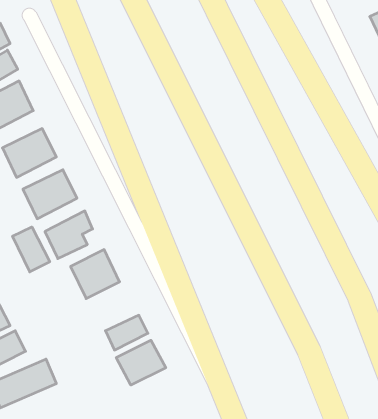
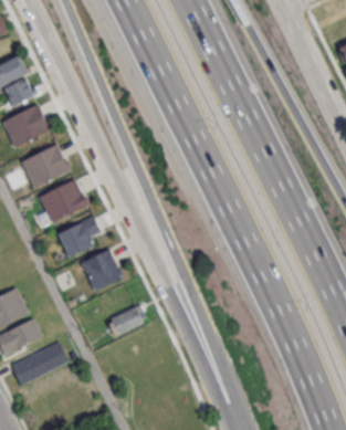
building: [13,227,50,272] -> none
building: [116,340,166,385] -> none

